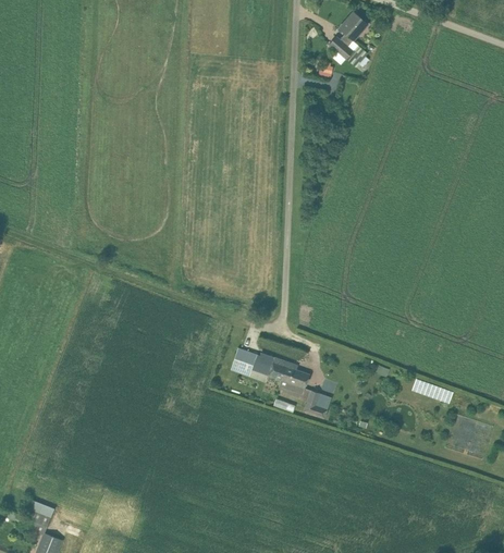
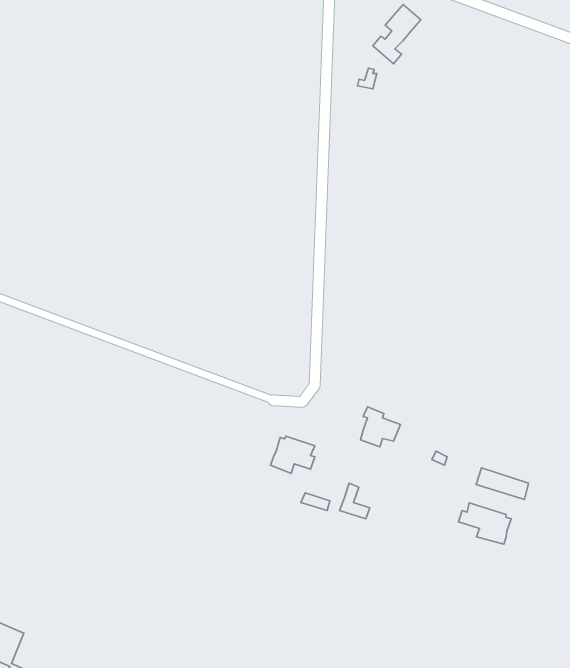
building: [231,347,257,376] -> none
building: [279,360,310,392] -> [360,407,400,447]
building: none -> [458,503,511,544]

